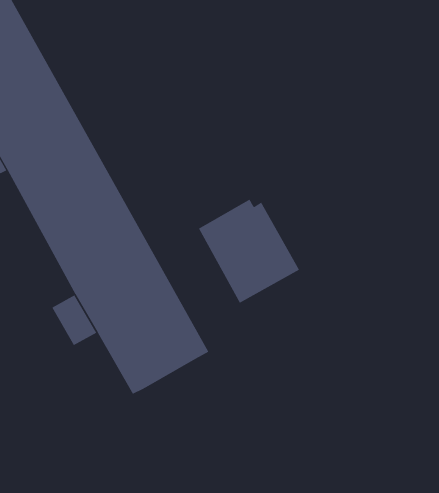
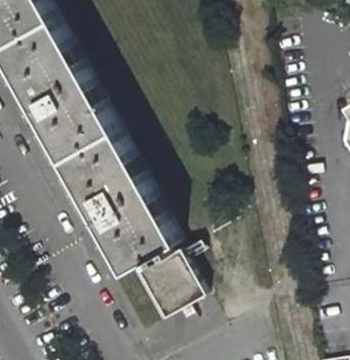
building: [198,199,300,304] -> [127,252,197,324]

